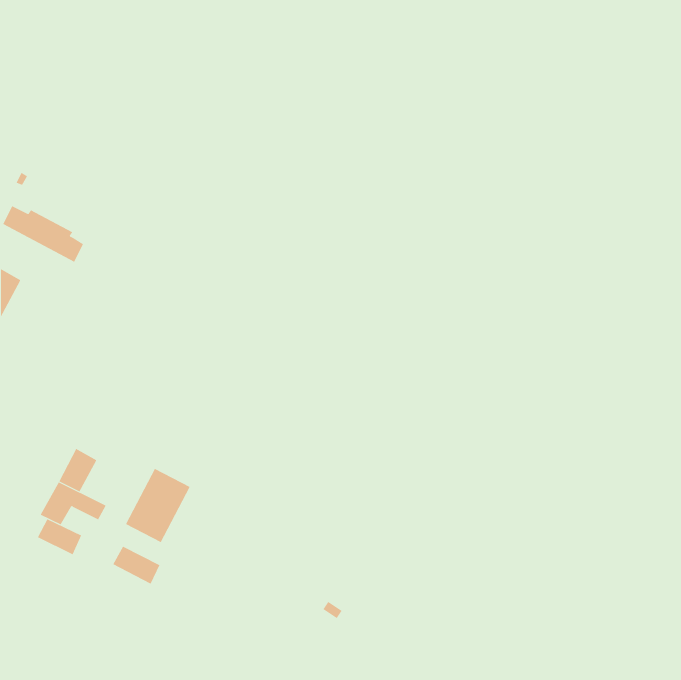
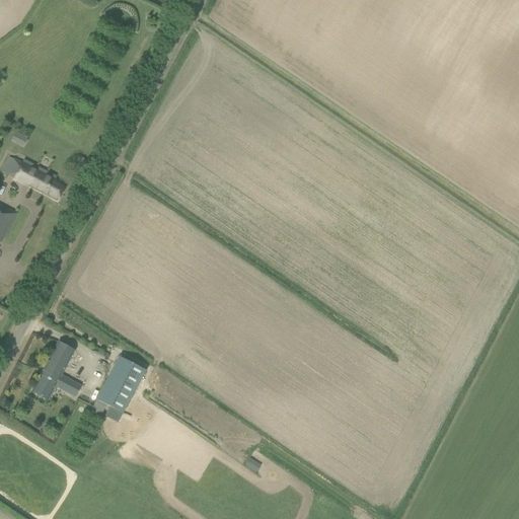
building: [37,518,82,555] -> none
building: [112,546,160,585] -> none

